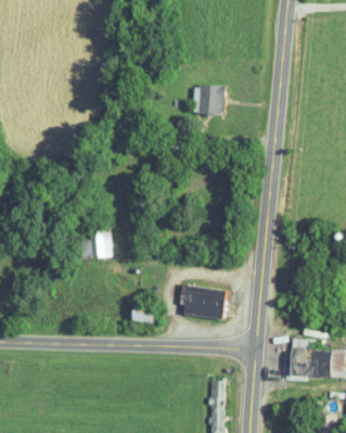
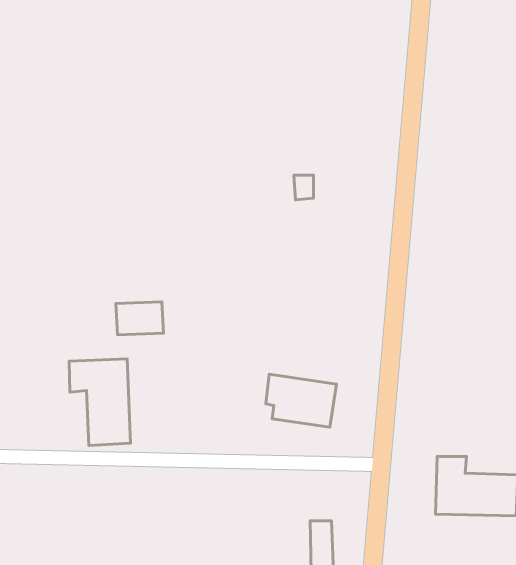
building: [193,86,226,114] -> none
building: none -> [69,359,130,445]

